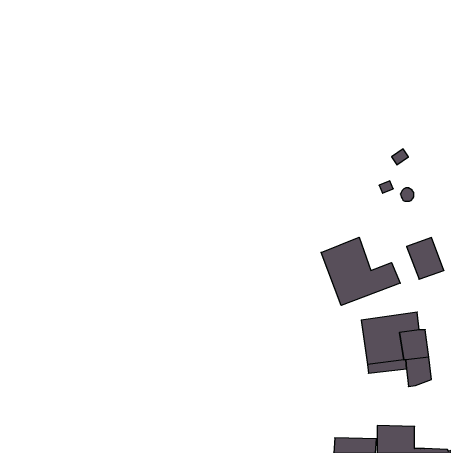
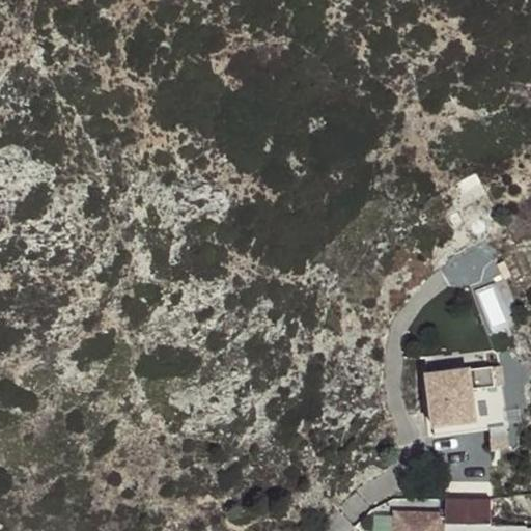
building: [321,237,400,305] -> none

